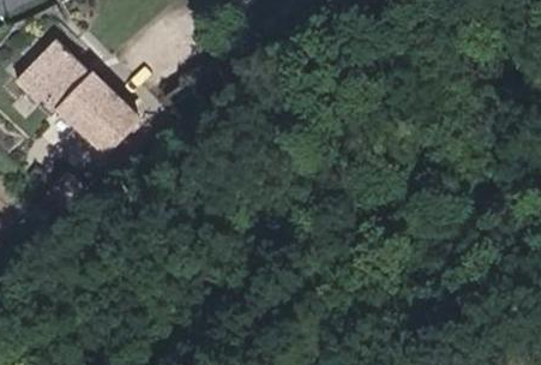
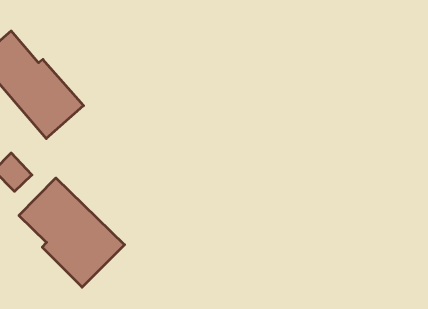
building: none -> [19,178,125,287]

